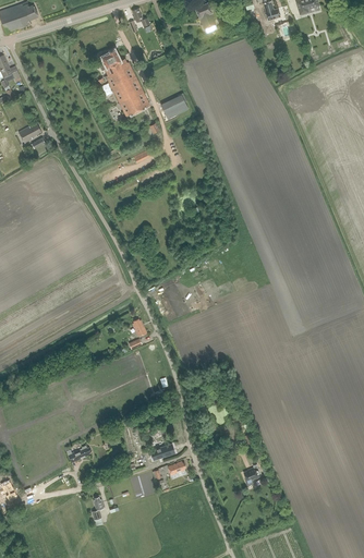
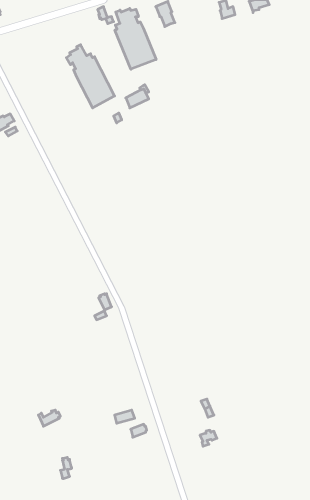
building: none -> [115,8,156,69]

